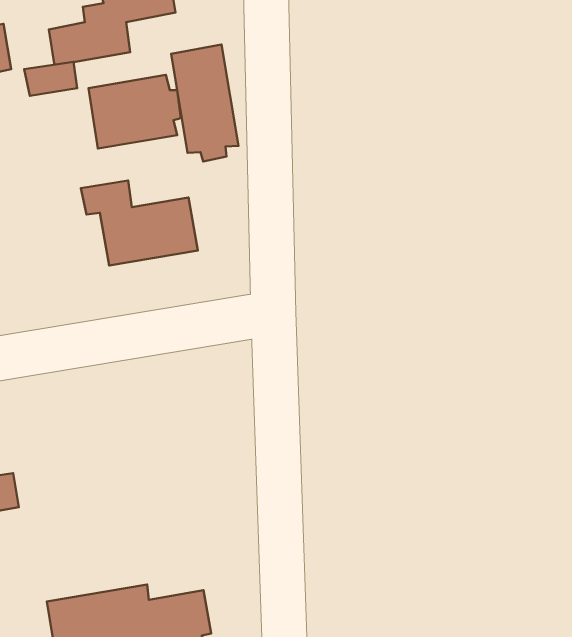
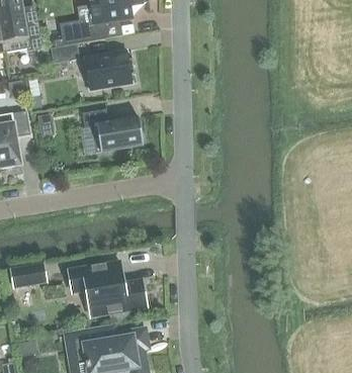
building: [171,45,238,161] -> none
building: none -> [68,261,146,315]

